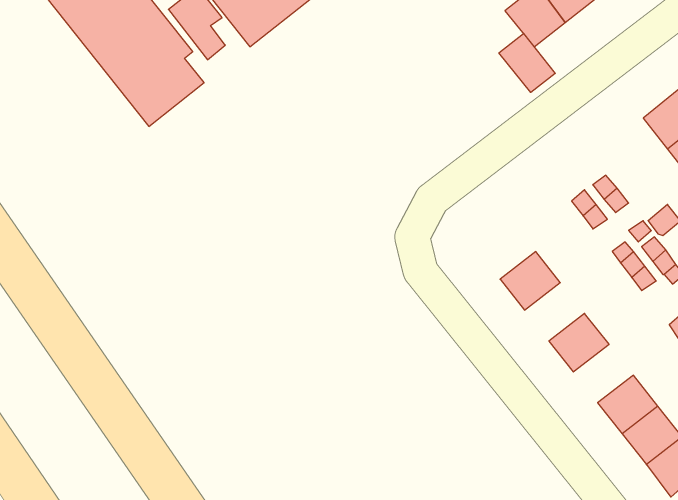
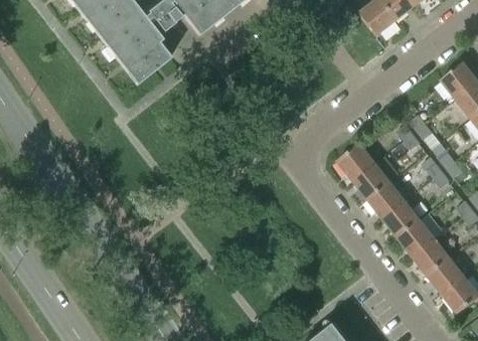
building: [499,34,555,92] -> none
building: none -> [337,144,374,180]
building: none -> [367,182,405,218]
building: none -> [397,220,435,257]

